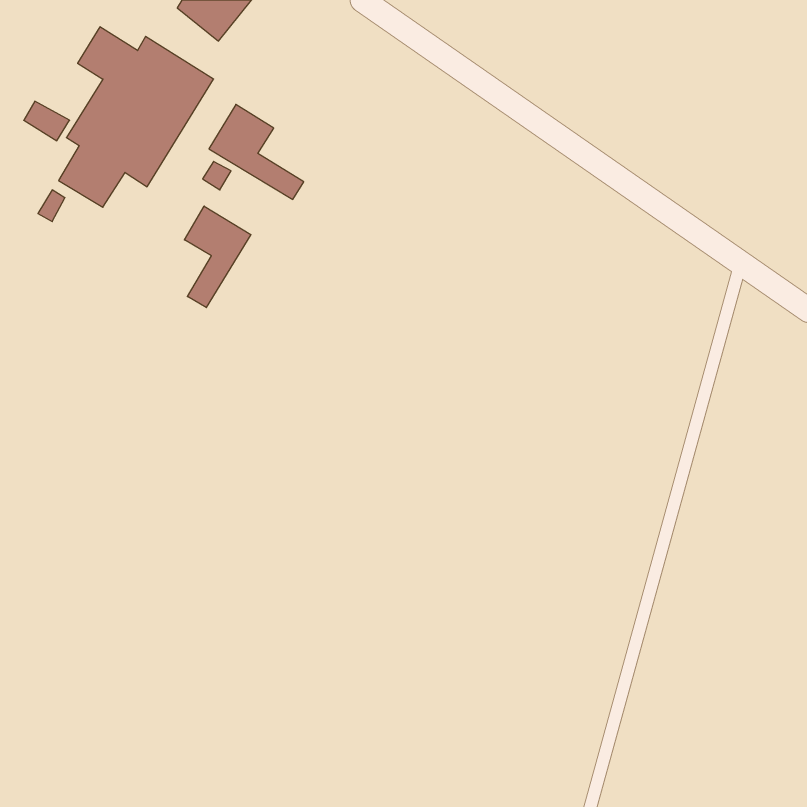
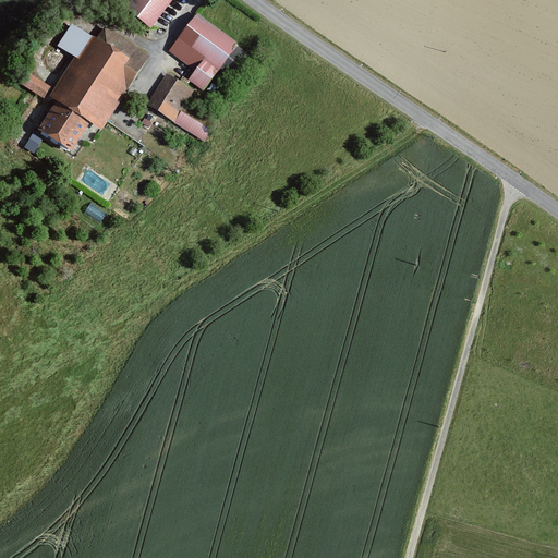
building: none -> [168,11,240,92]
building: [184,206,251,308] -> none

